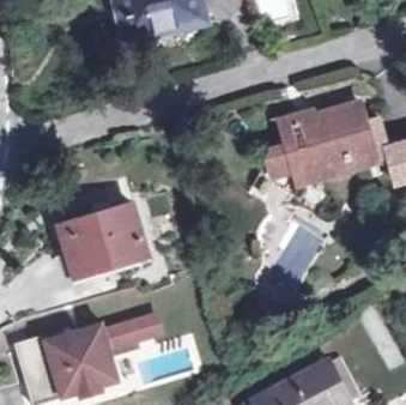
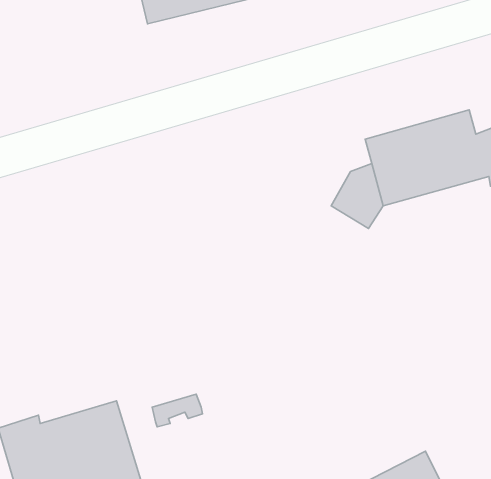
building: [62,204,147,274] -> none

